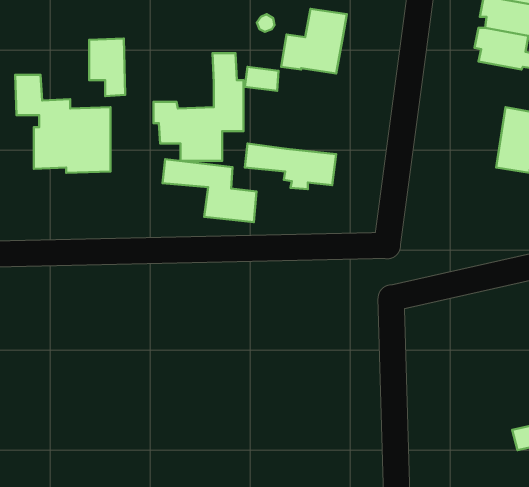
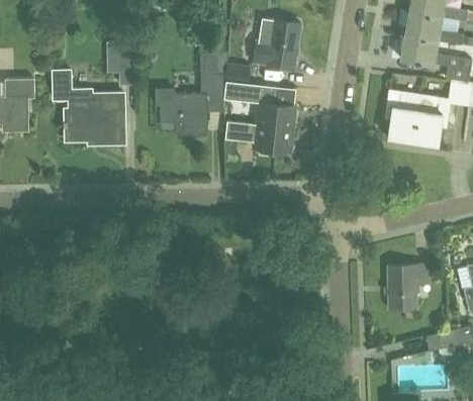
building: none -> [386,90,420,139]
building: [163,159,257,222] -> [224,82,295,129]
building: none -> [386,266,429,308]

